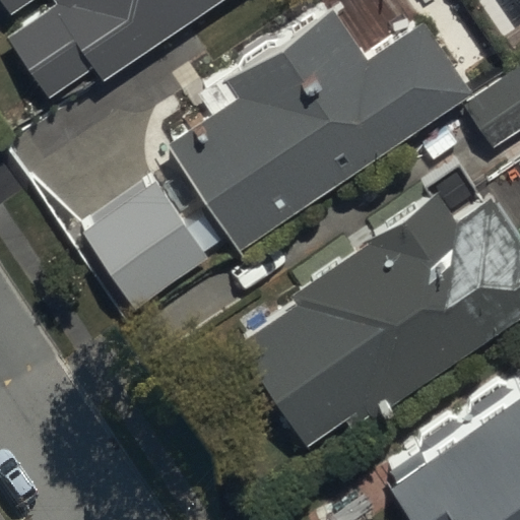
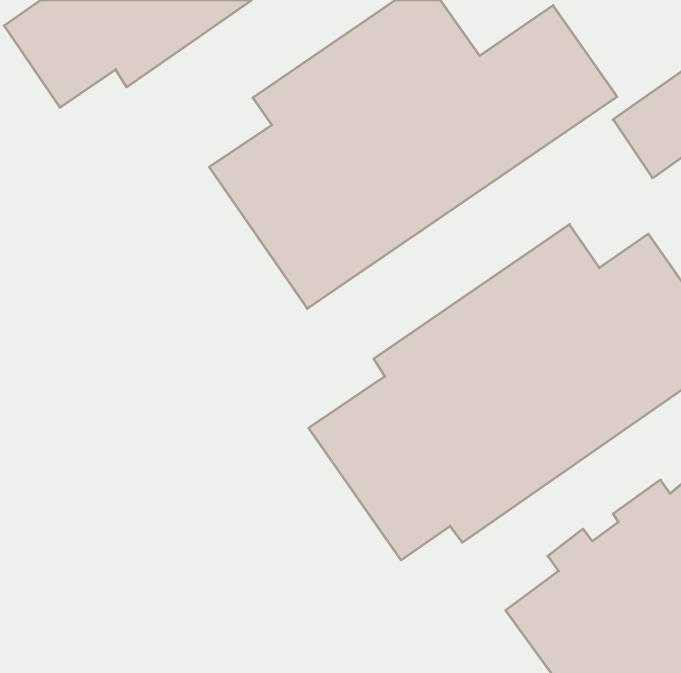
building: [93,192,218,320] -> none

